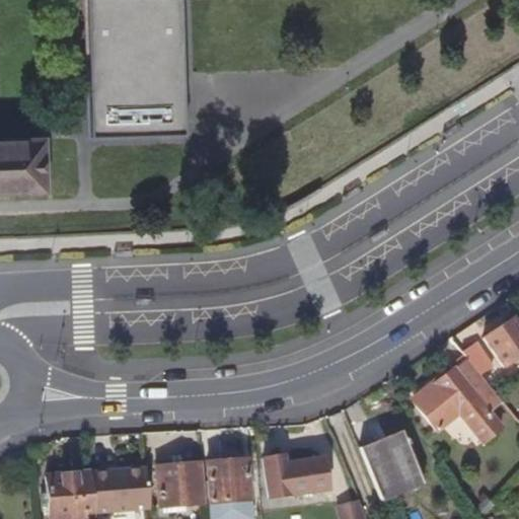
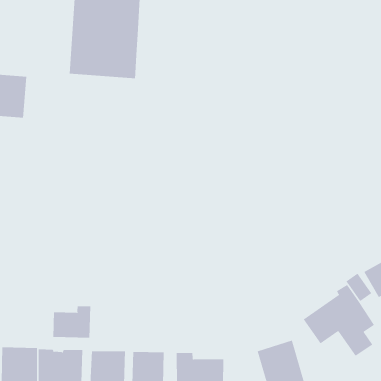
building: none -> [53,306,91,338]

